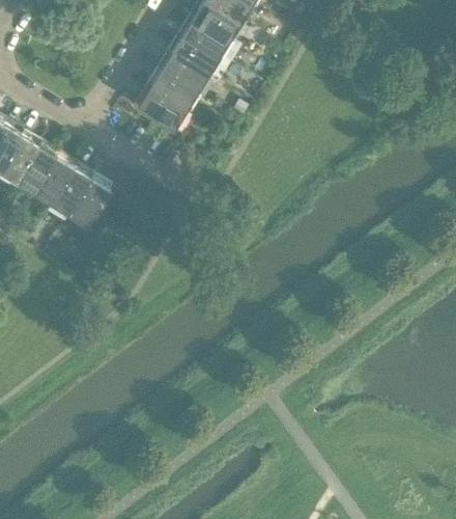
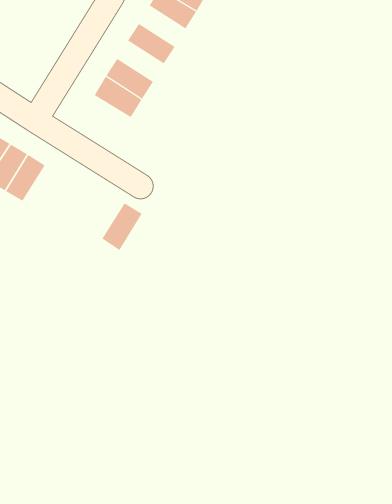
building: [181,17,229,58] -> none
building: [160,52,207,93] -> none
building: [65,177,107,226] -> [101,202,143,251]

